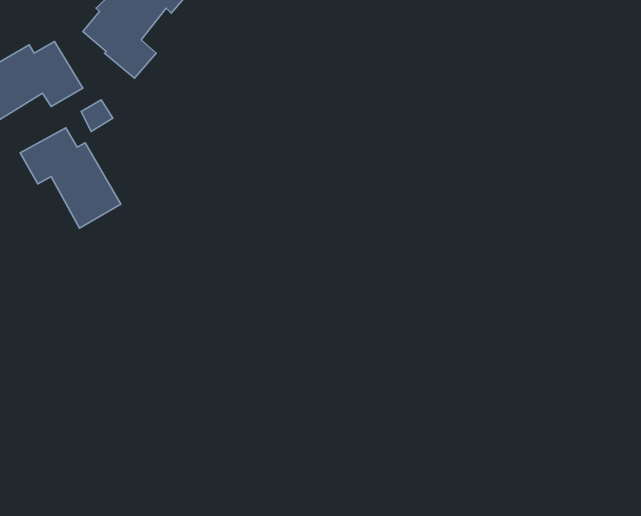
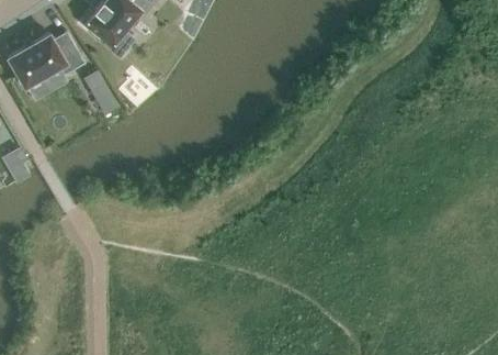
building: [20,128,121,228] -> none

